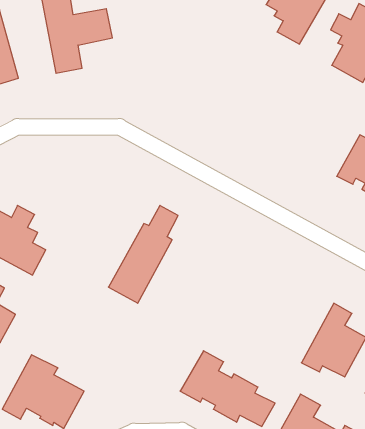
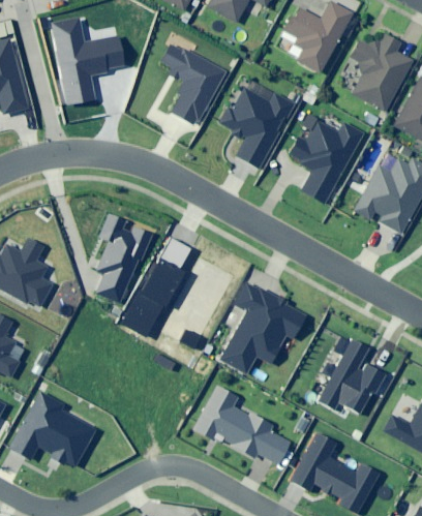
building: none -> [160,43,227,123]
building: none -> [221,85,295,168]
building: none -> [292,119,364,201]
building: none -> [96,214,151,301]
building: none -> [222,282,307,371]

